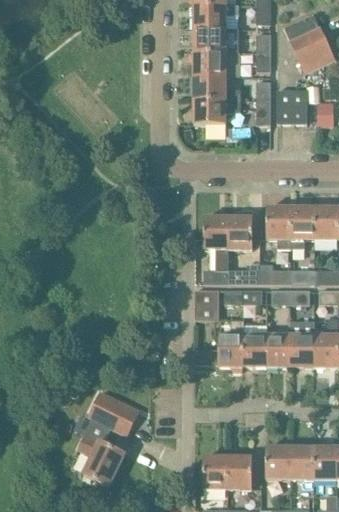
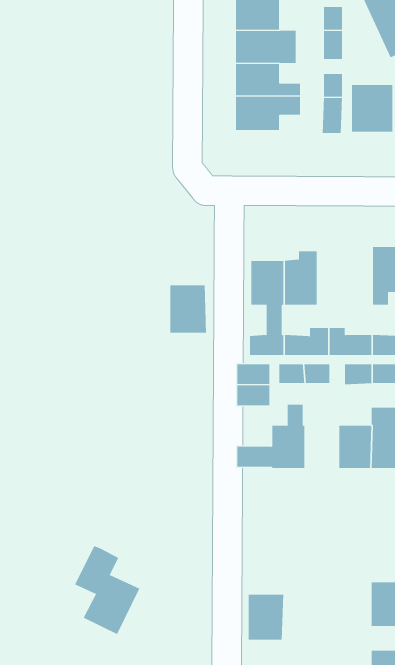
building: [267,206,291,248] -> none
building: none -> [170,284,207,334]
building: [242,324,267,365] -> none
building: [87,392,137,437] -> none
building: [266,446,290,478] -> none
building: [227,455,252,488] -> none

